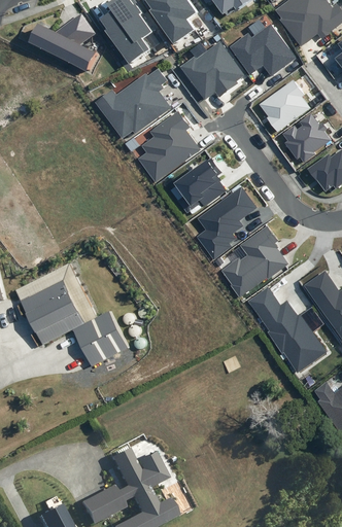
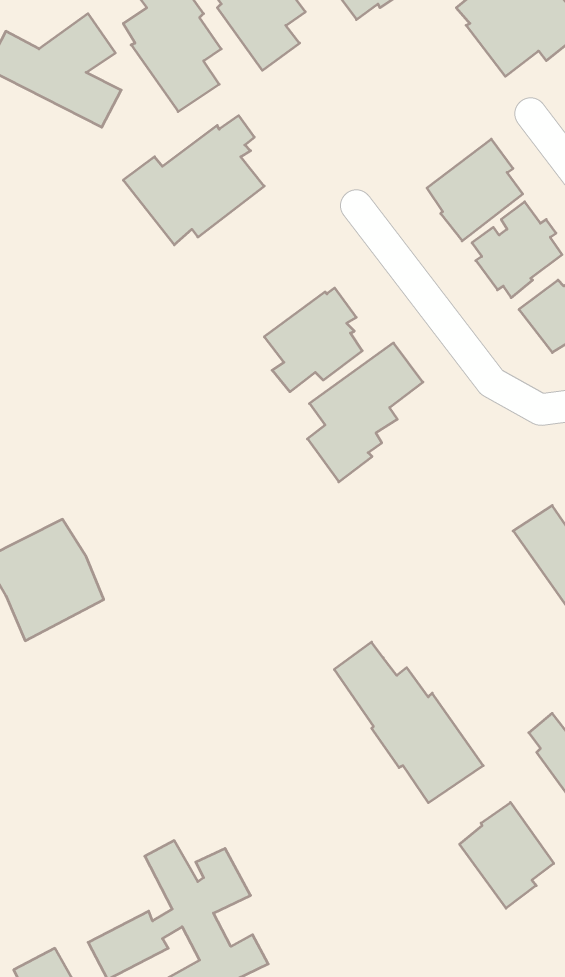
building: [229,24,296,76] -> none
building: [179,41,244,100] -> none
building: [139,108,202,180] -> none
building: [221,225,287,297] -> none
building: [247,287,326,372] -> [334,642,483,803]
building: [78,309,132,363] -> none
building: none -> [460,802,554,908]

